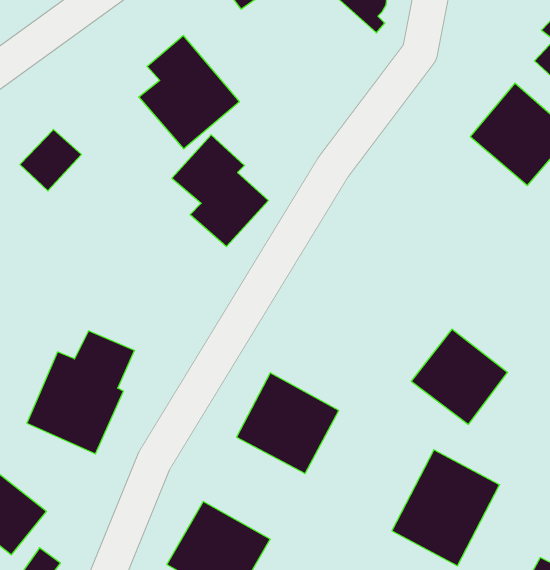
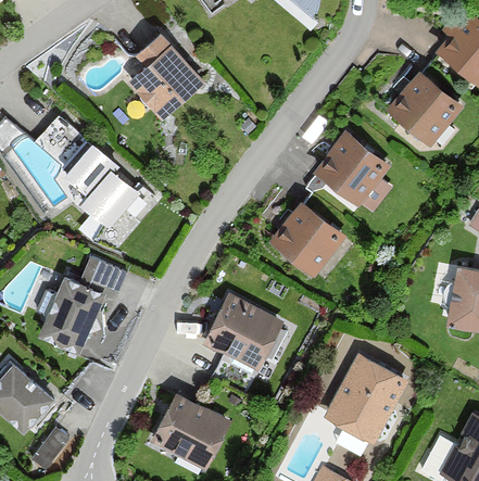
building: [172,135,268,247] -> [64,143,139,230]
building: none -> [313,130,389,205]
building: [411,329,508,424] -> [268,201,343,275]

